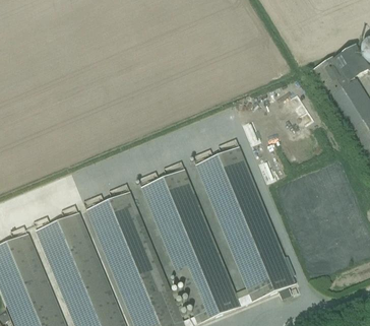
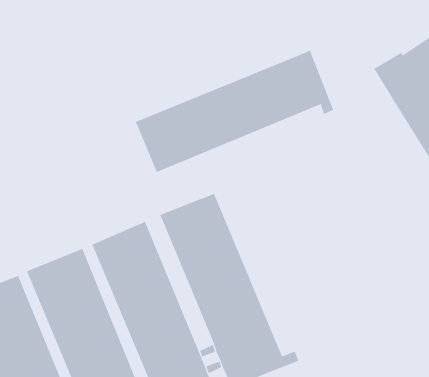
building: none -> [135,50,334,173]
building: [196,145,296,301] -> none

